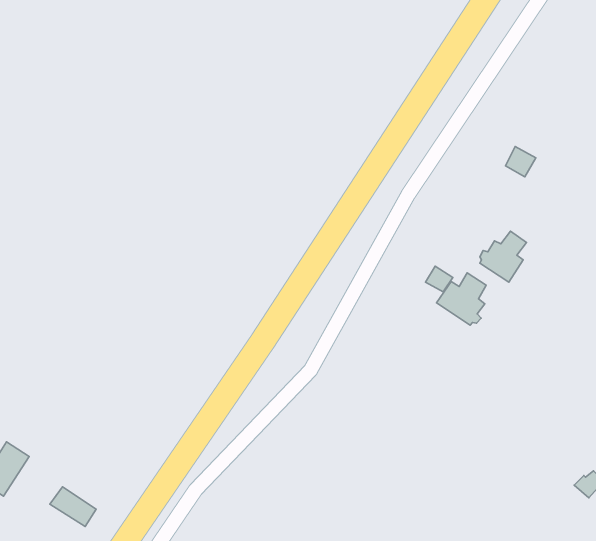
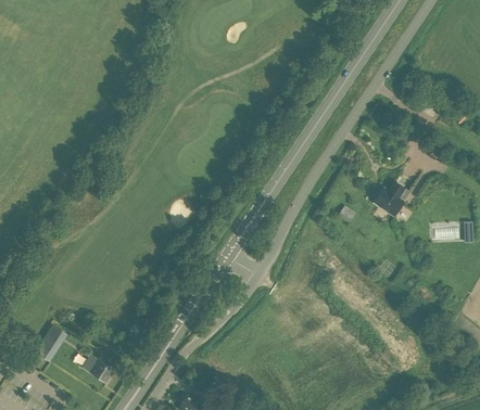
building: [436,273,486,325] -> none

